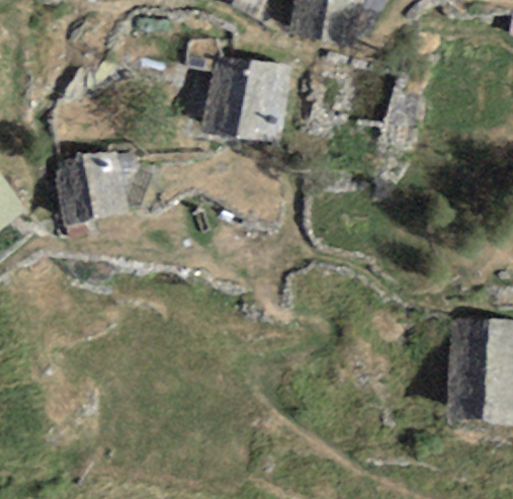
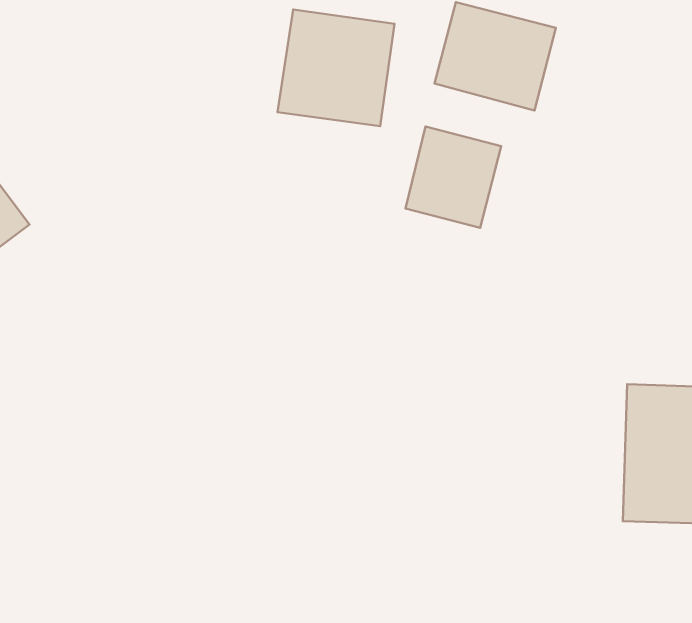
building: none -> [405,127,501,228]
building: [60,152,132,221] -> none

